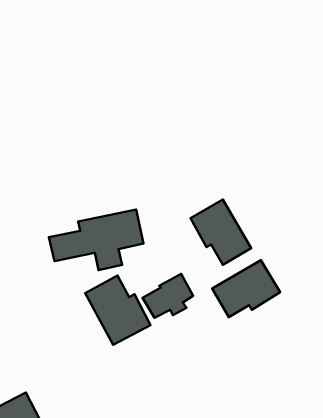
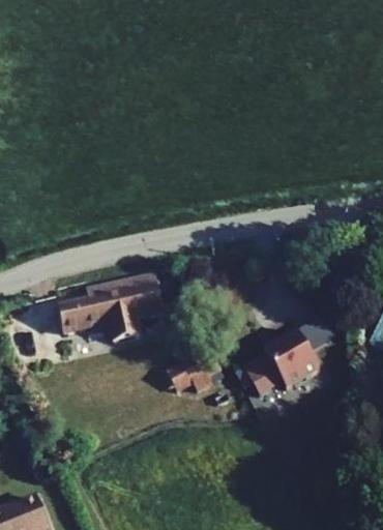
building: [190,200,251,265] -> none
building: [85,275,150,345] -> none

